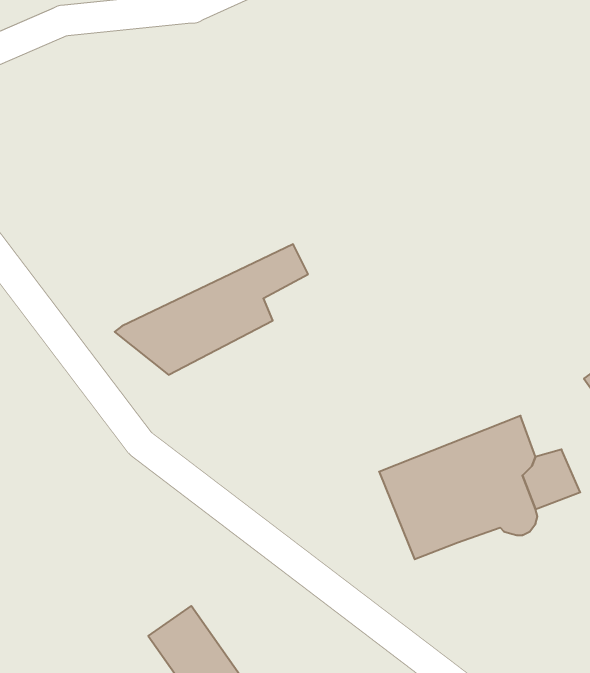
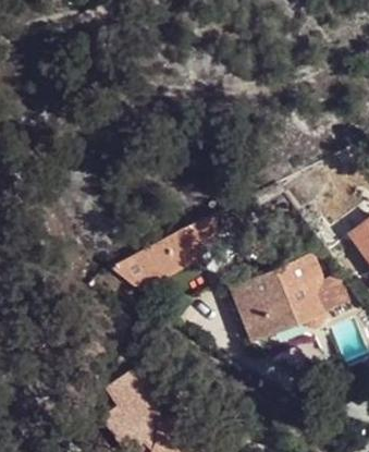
building: [115,244,308,375] -> [108,216,221,292]

